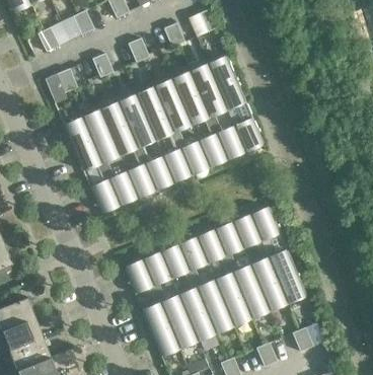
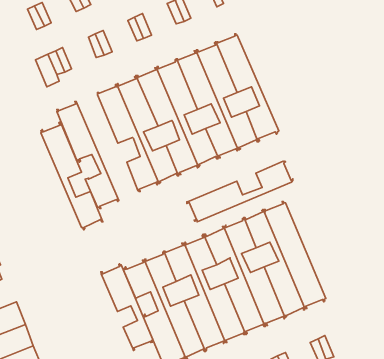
building: [81,108,137,206] -> [41,122,103,230]
building: none -> [187,161,293,222]
building: none -> [101,264,153,350]

